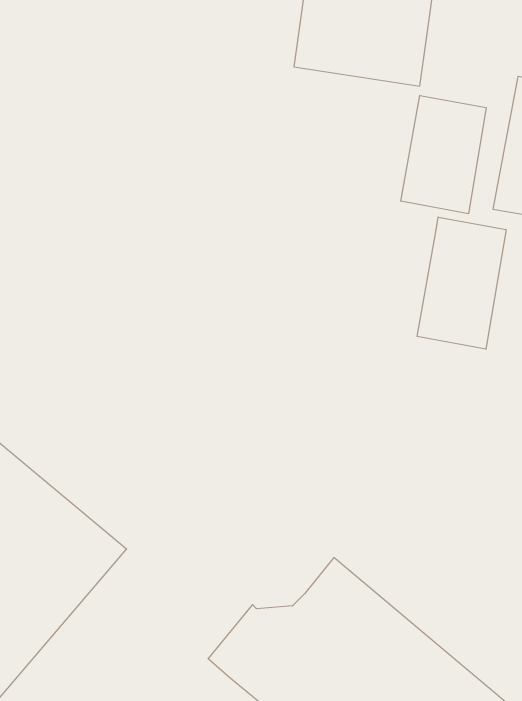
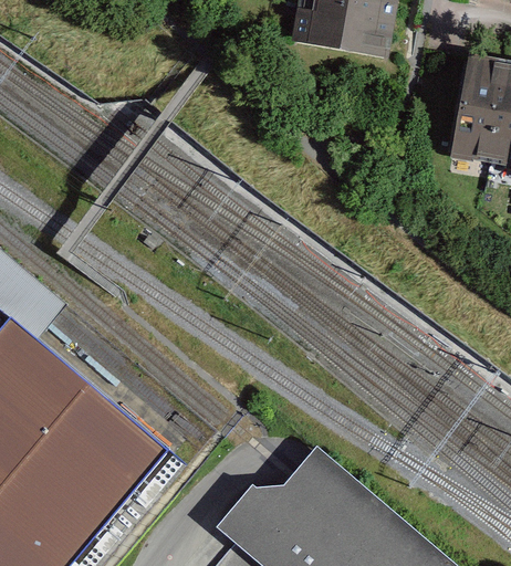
building: [401,95,486,214] -> none
building: [417,217,506,349] -> none

